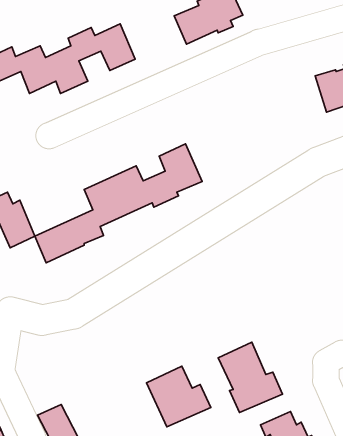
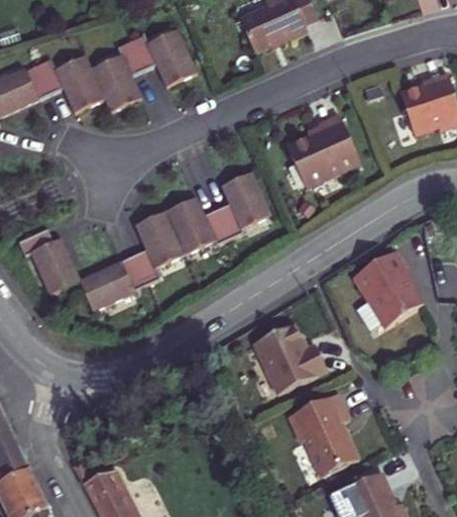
building: none -> [285,115,359,188]
building: none -> [351,251,421,328]
building: [146,366,211,427] -> [251,324,325,394]

